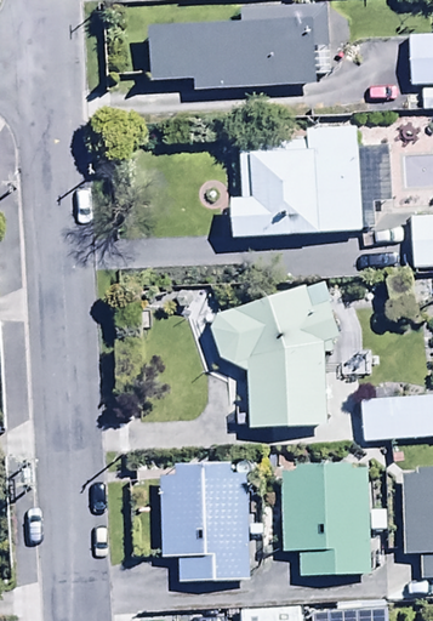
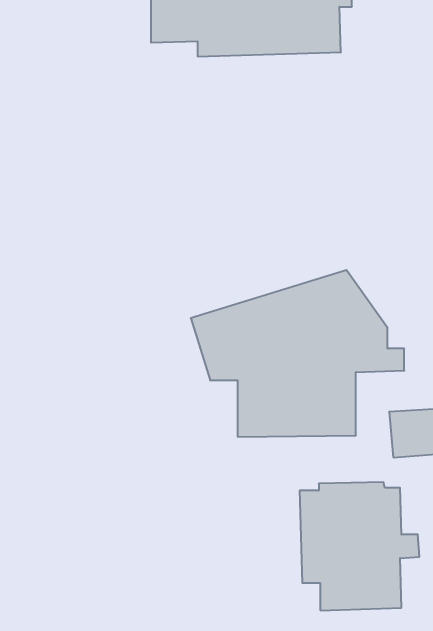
building: [232,126,363,239] -> none
building: [161,462,250,582] -> none

